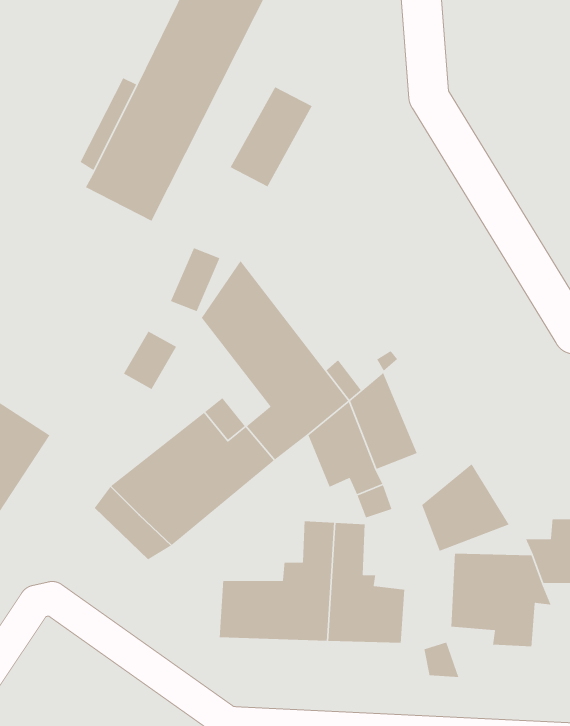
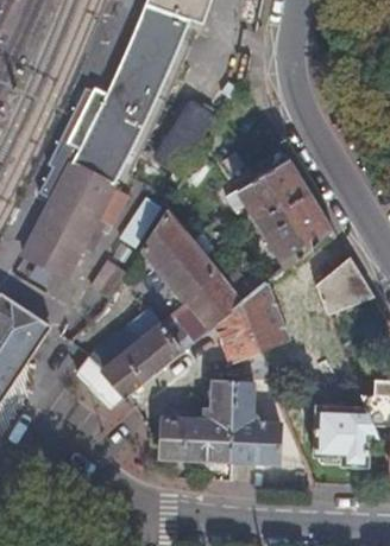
building: none -> [225,157,333,269]
building: none -> [19,164,136,287]
building: [421,463,510,552] -> [316,256,375,315]

